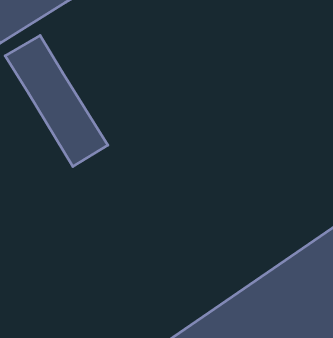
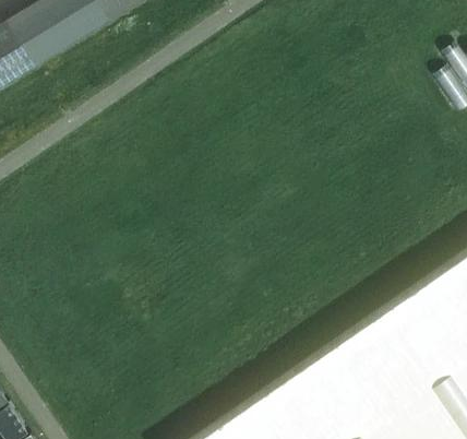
building: [5,36,108,166] -> none

